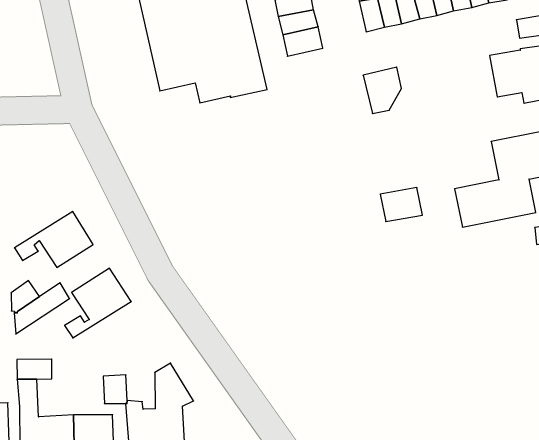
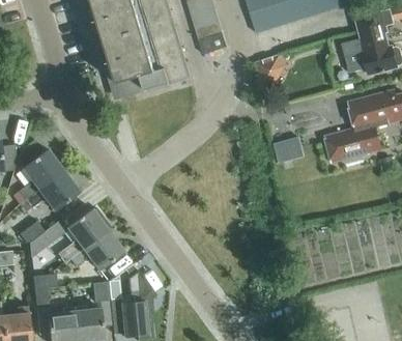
building: none -> [19,149,63,199]
building: none -> [69,230,123,271]

